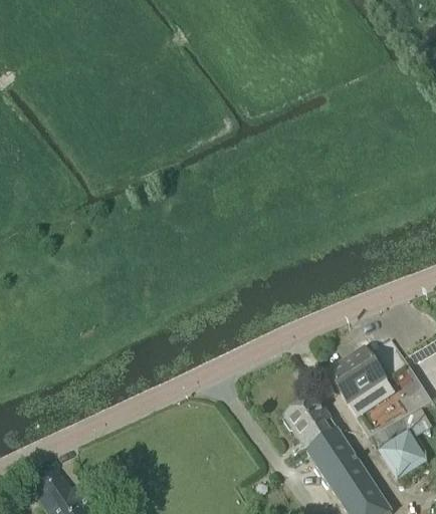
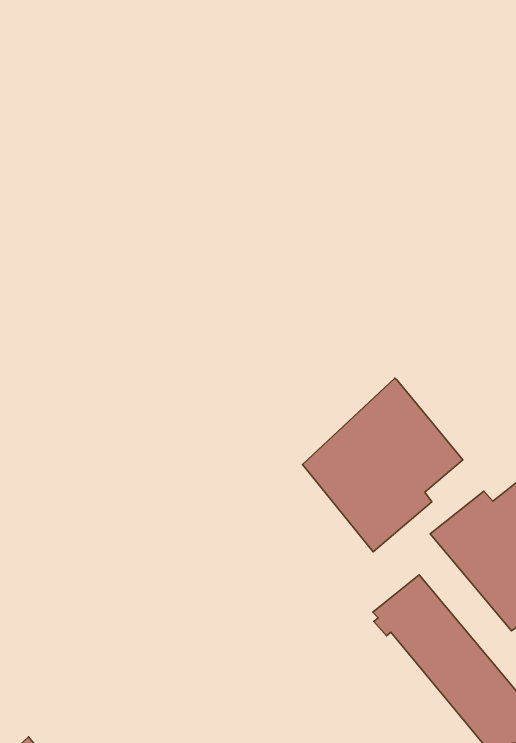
building: none -> [303,378,463,552]

